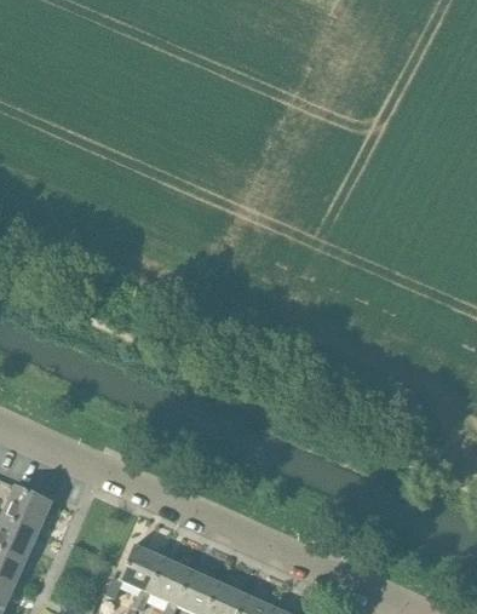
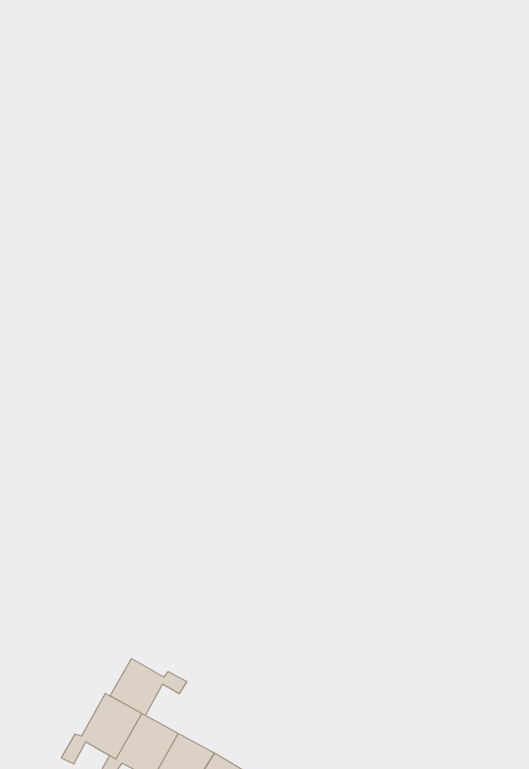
building: none -> [110,659,187,715]

